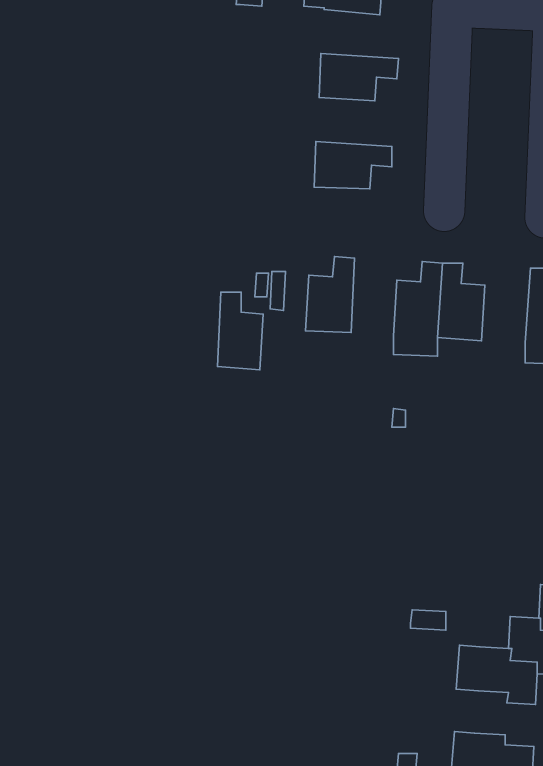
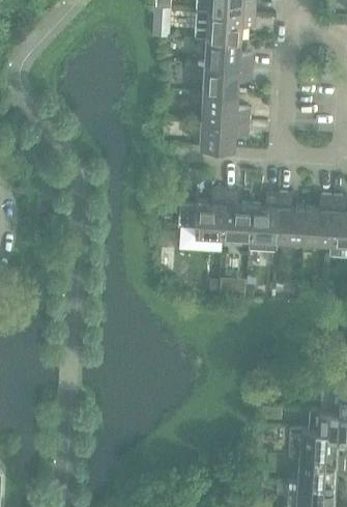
building: none -> [203,41,251,72]
building: none -> [200,95,248,125]
building: none -> [301,199,331,246]
building: [217,292,263,370] -> [222,194,250,242]
building: none -> [297,459,335,494]

